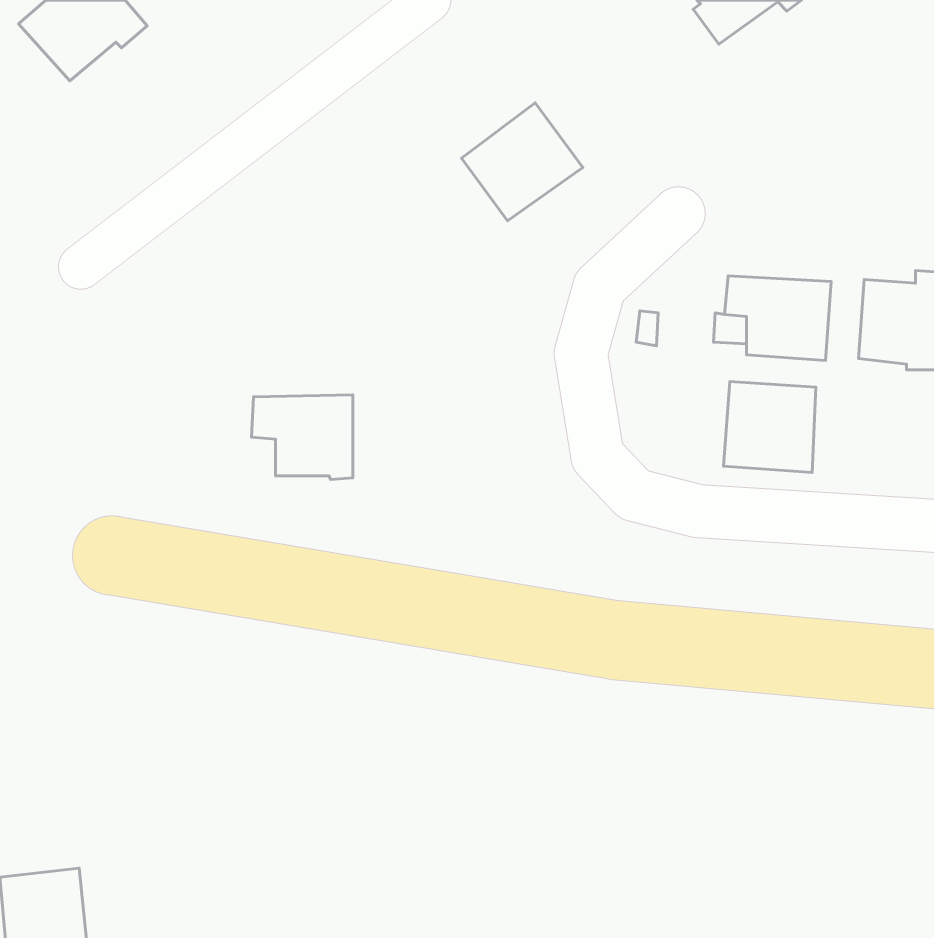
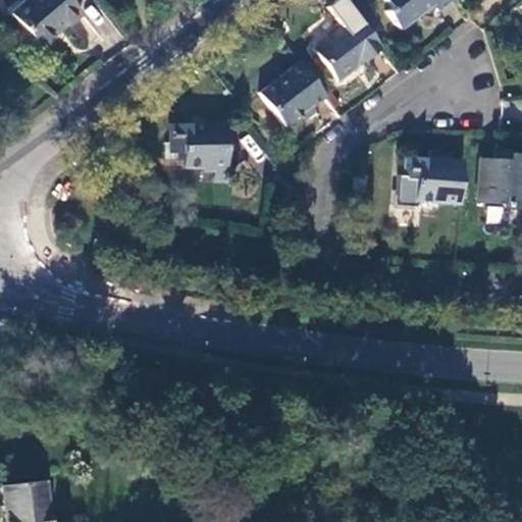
building: none -> [315,12,384,80]
building: [724,382,816,473] -> none
building: [252,395,353,480] -> [171,120,227,167]

